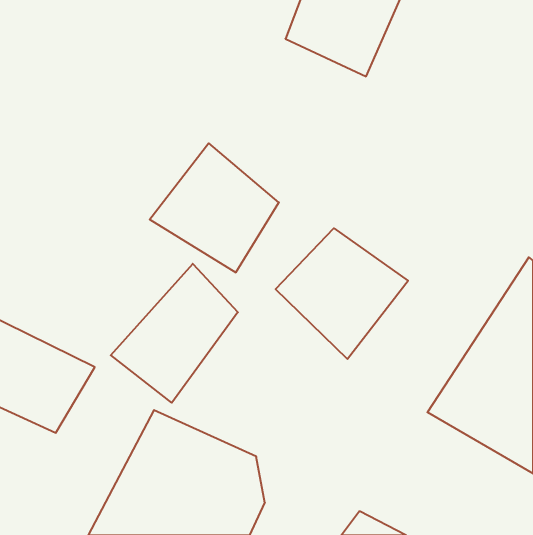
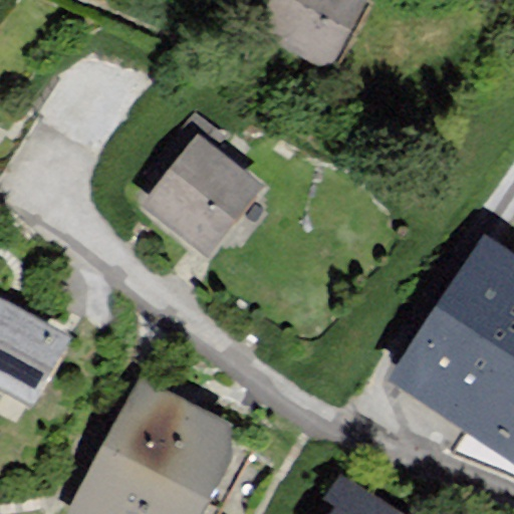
building: [276,228,408,359] -> none
building: [111,264,238,403] -> none

